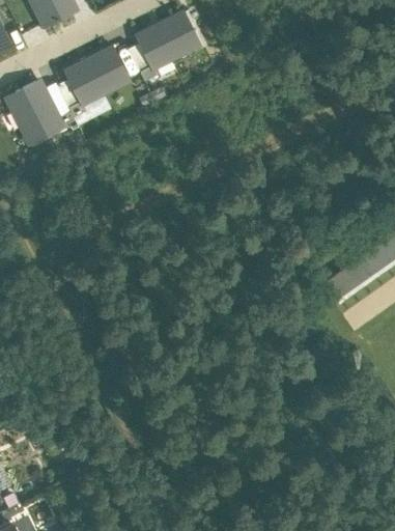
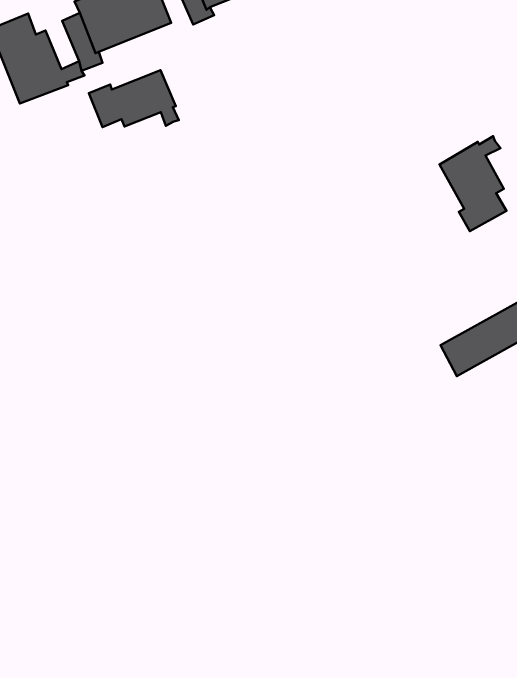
building: none -> [89,70,179,127]
building: none -> [440,136,506,231]

